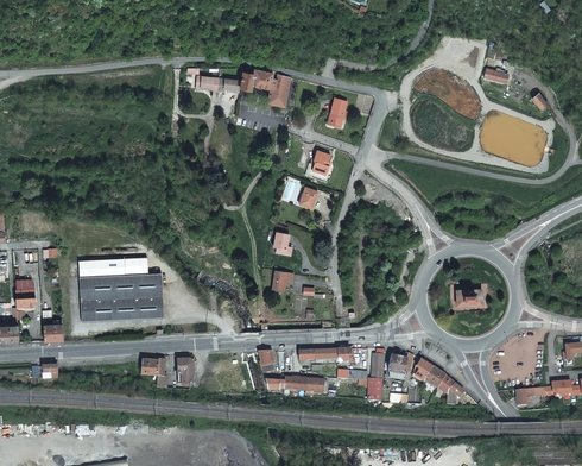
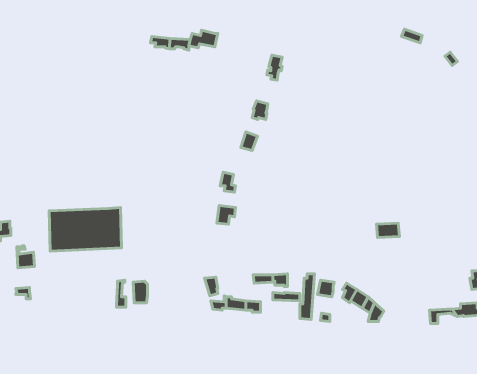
building: [266,74,291,107] -> none
building: [78,256,147,276] -> none

